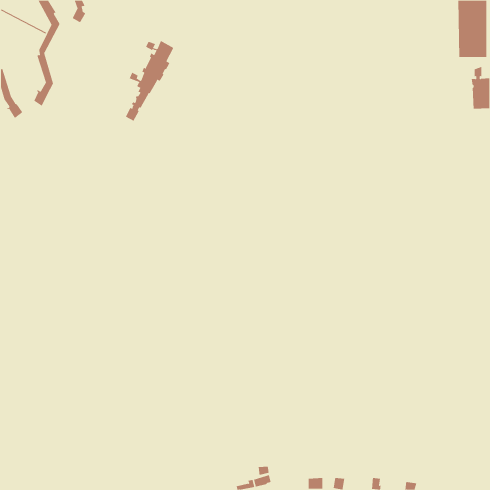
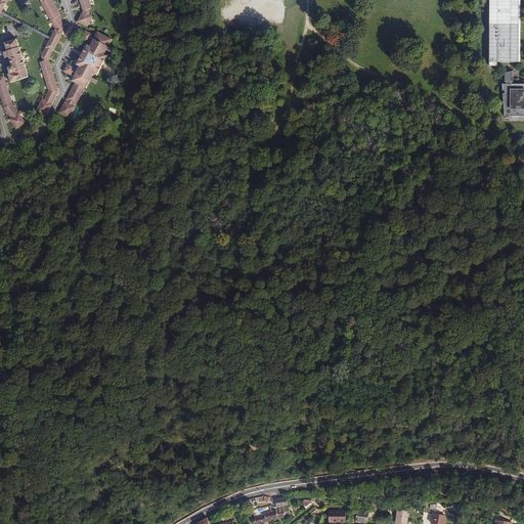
building: none -> [4,37,28,80]
building: [125,40,174,122] -> [58,29,111,116]

